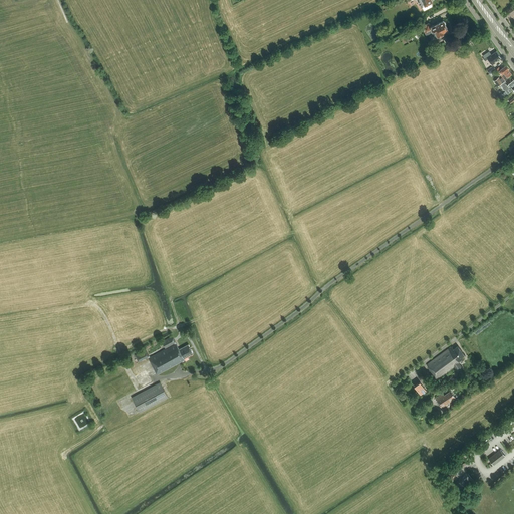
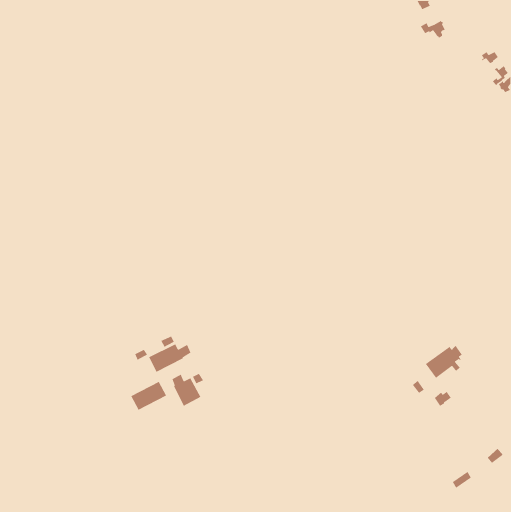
building: none -> [171,373,204,407]

